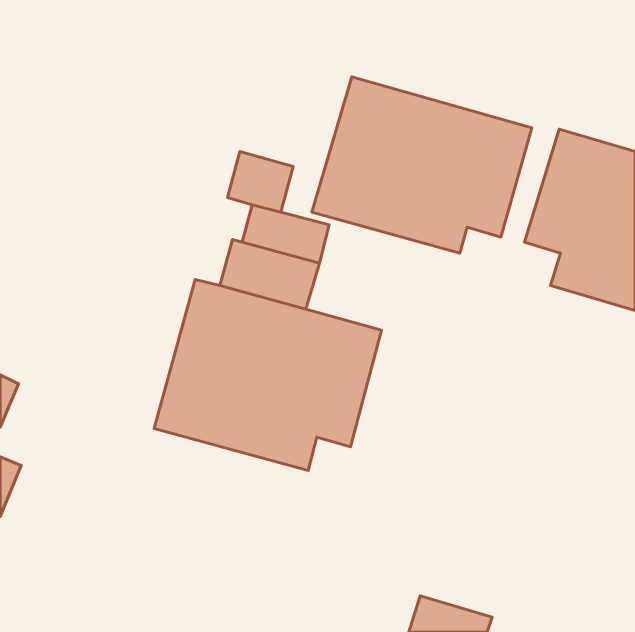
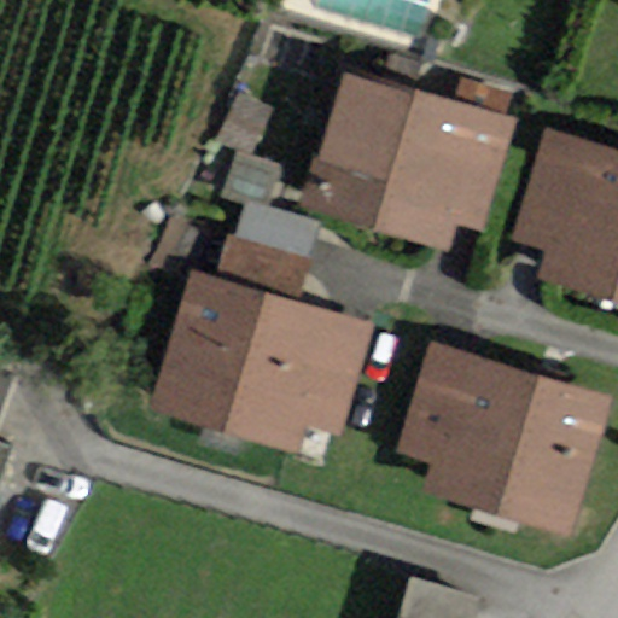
building: none -> [395,338,608,535]

